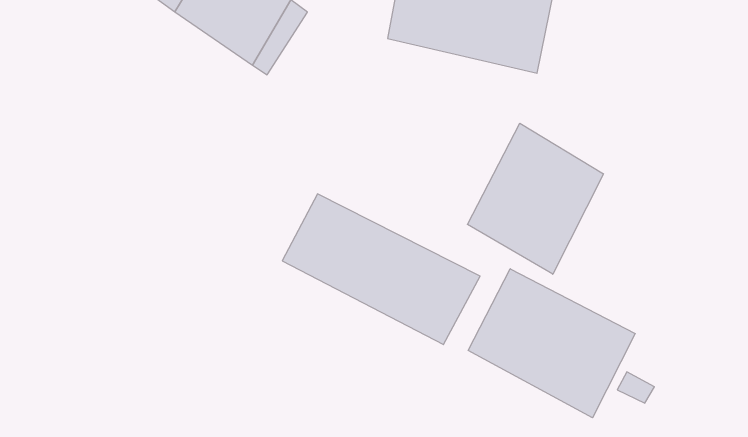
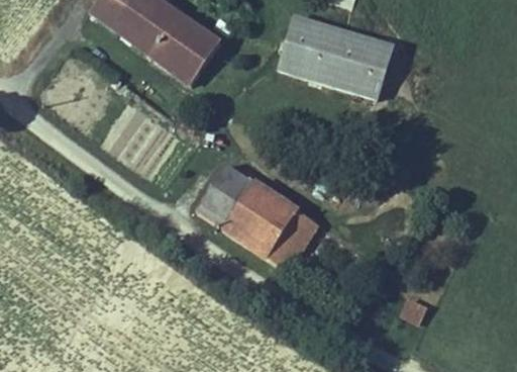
building: [467,123,603,274] -> none
building: [468,269,635,418] -> none

